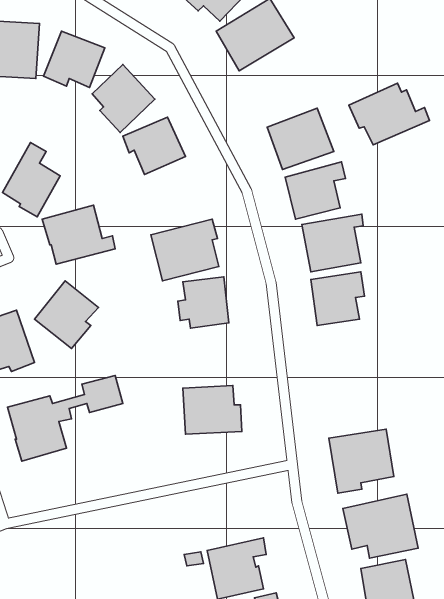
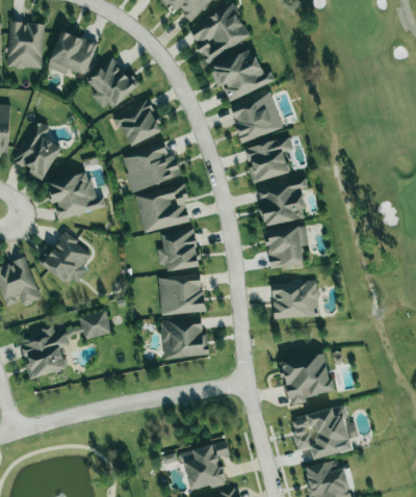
building: [349,83,430,145] -> [210,51,276,101]
building: none -> [121,142,182,191]
building: none -> [159,274,205,315]
building: none -> [272,282,319,318]

